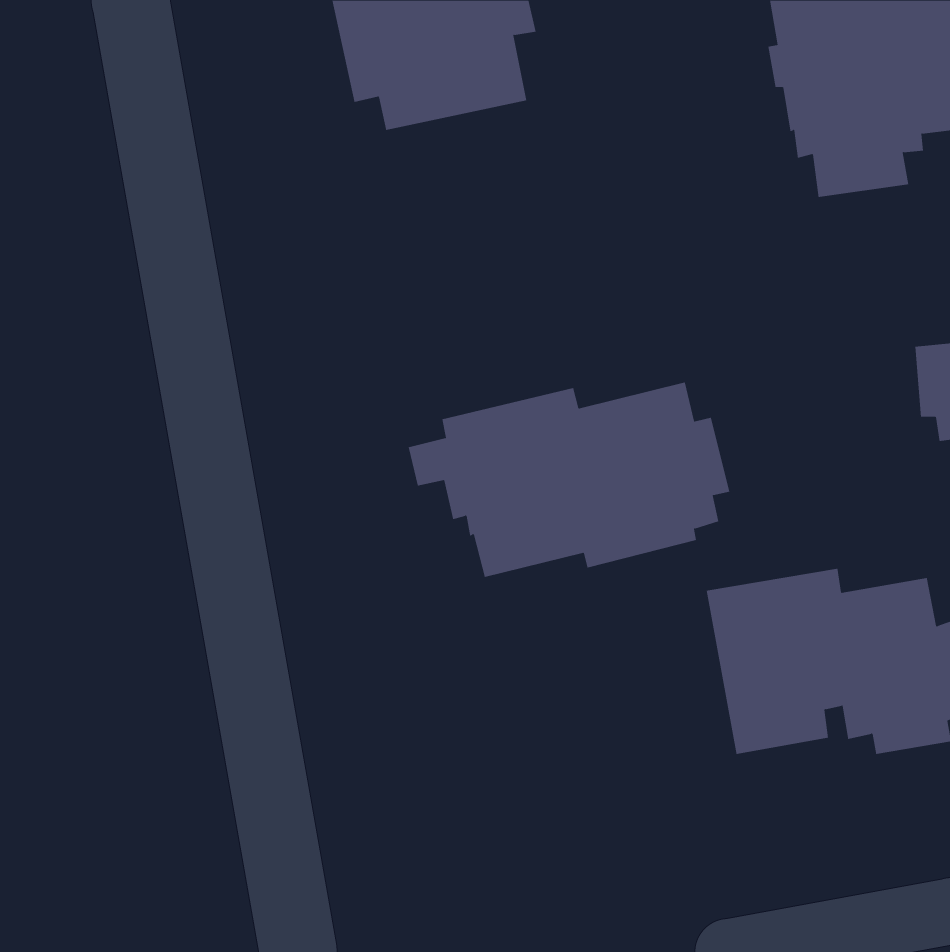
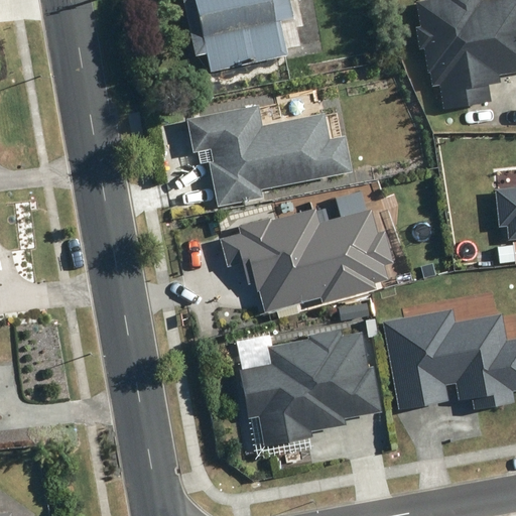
building: none -> [186,102,353,205]
building: none -> [240,328,383,444]

